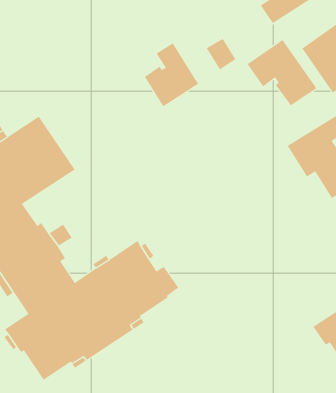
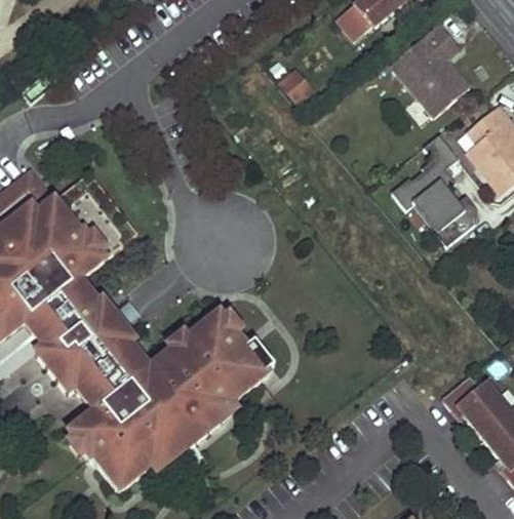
building: [247,39,317,106] -> none
building: [144,42,199,107] -> none

